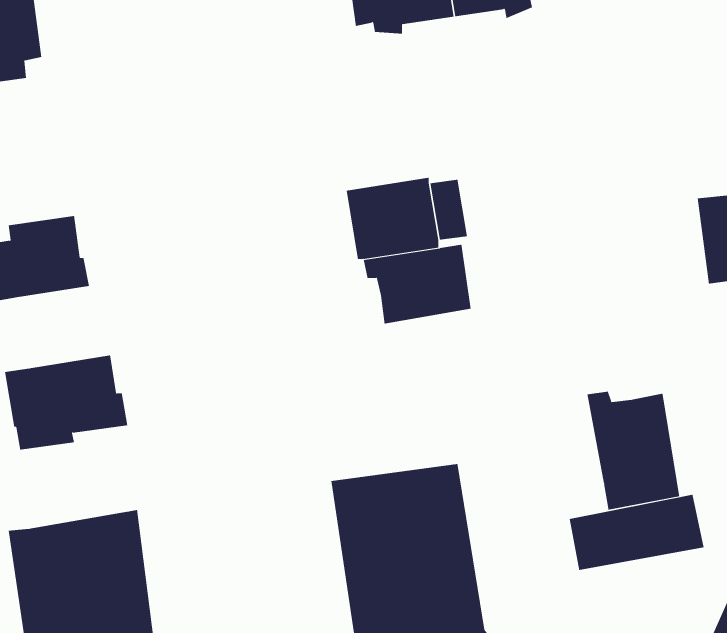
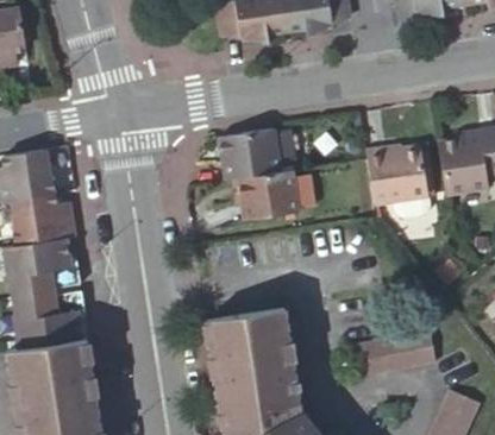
building: none -> [363,147,425,206]
building: none -> [12,197,76,248]
building: [587,391,680,510] -> none
building: none -> [13,290,83,348]

